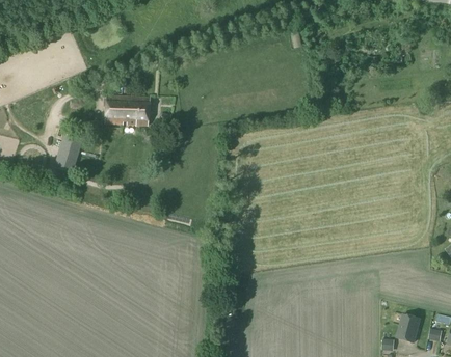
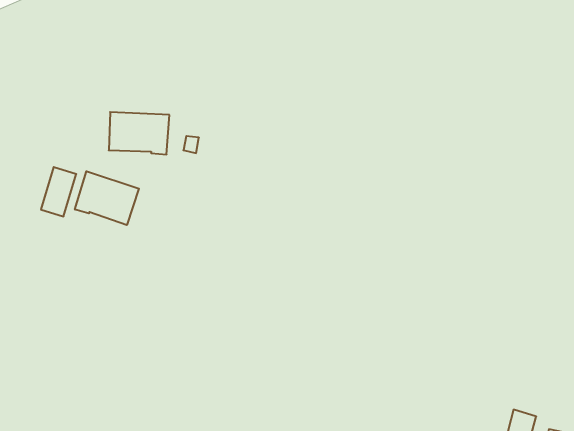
building: none -> [75,171,139,225]

